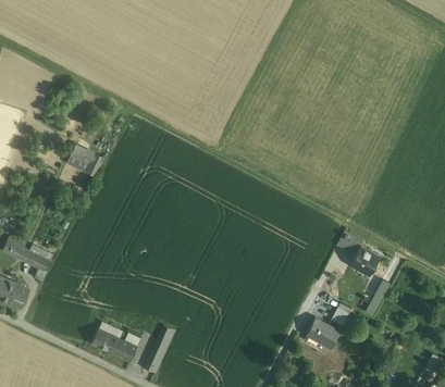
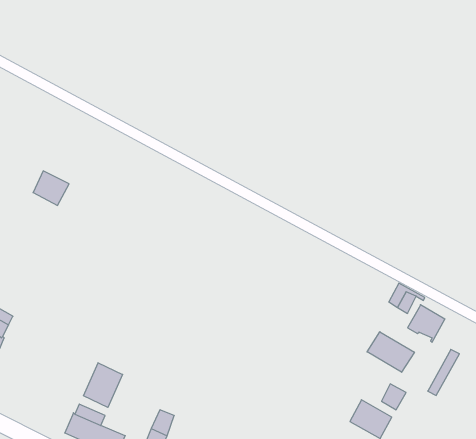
building: none -> [367,332,414,372]
building: none -> [83,363,123,407]

